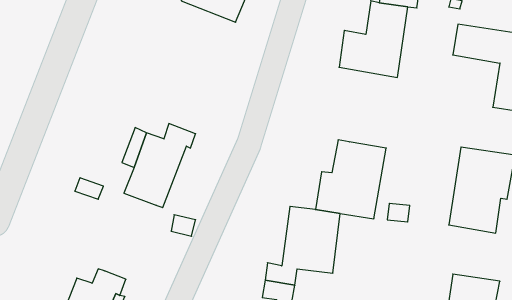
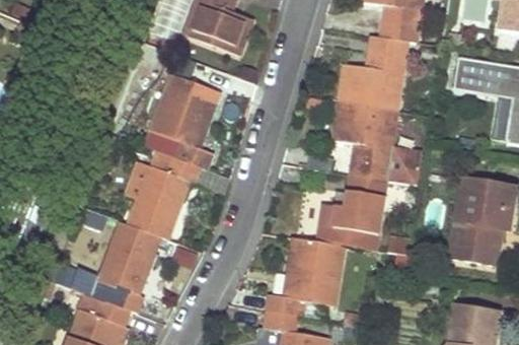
building: none -> [145,73,221,168]
building: none -> [333,99,424,185]
building: none -> [53,221,160,313]

